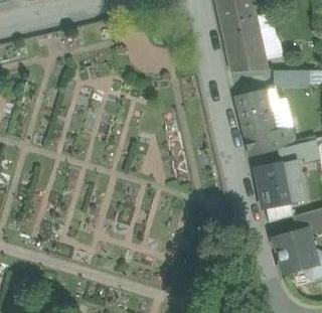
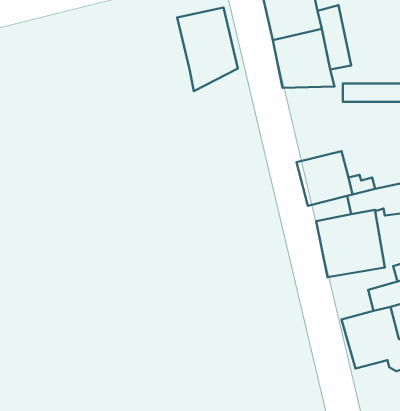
building: none -> [177,8,238,91]
building: [233,88,273,125] -> none

